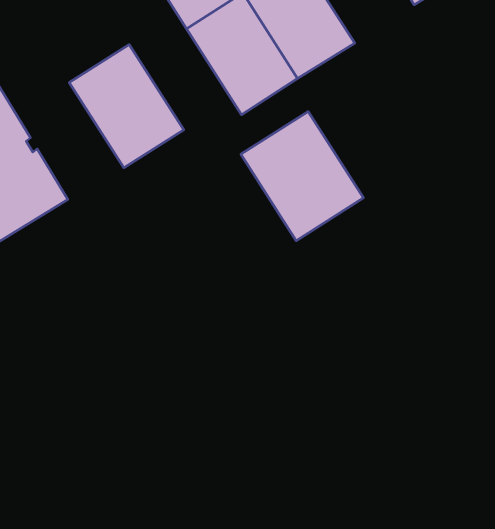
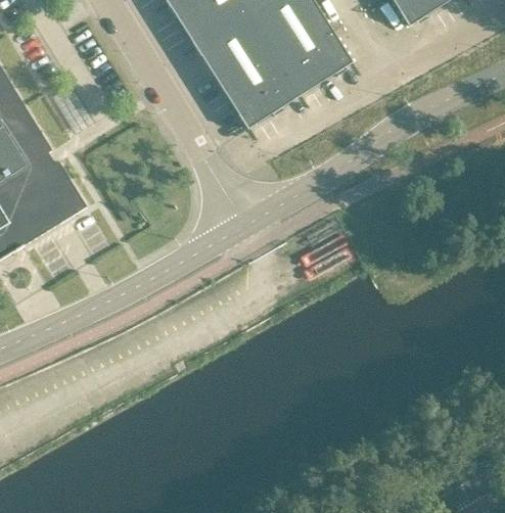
building: [69,44,184,168] -> none
building: [241,111,364,241] -> none

